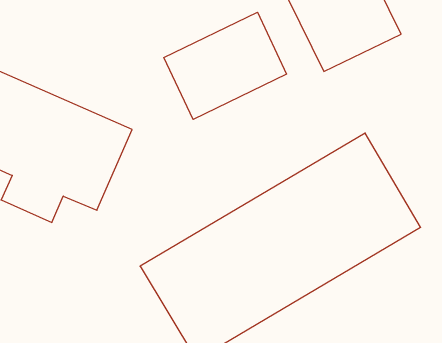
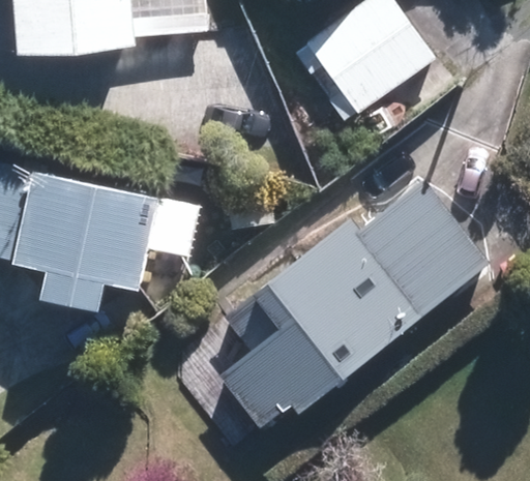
building: [164,12,287,119] -> none

